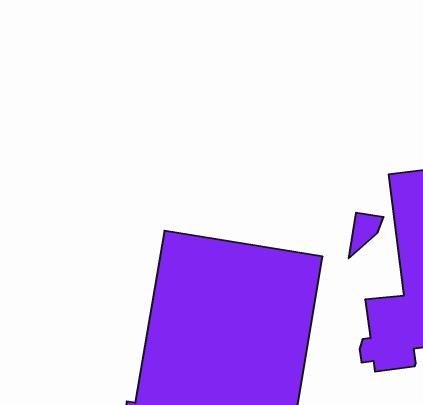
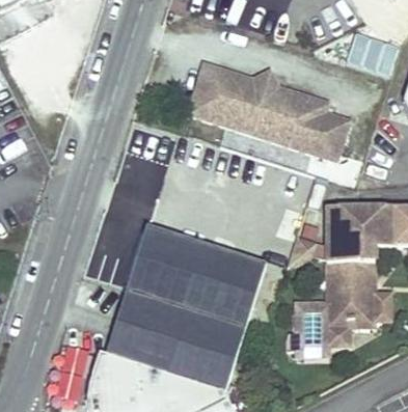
building: none -> [187,63,347,158]

